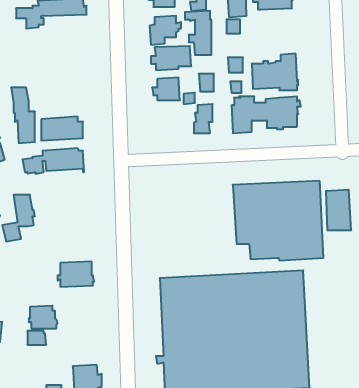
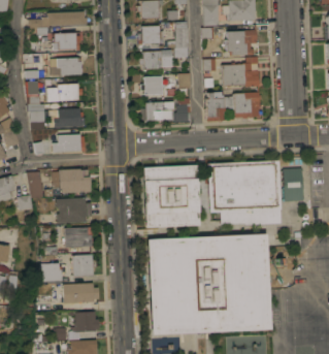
building: none -> [226,25,257,56]
building: none -> [54,33,79,51]
building: none -> [51,58,83,76]
building: none -> [44,84,81,102]
building: none -> [140,101,174,121]
building: none -> [143,165,199,228]
building: none -> [53,169,90,193]
building: none -> [57,198,91,224]
building: none -> [73,255,96,277]
building: none -> [64,283,99,303]

